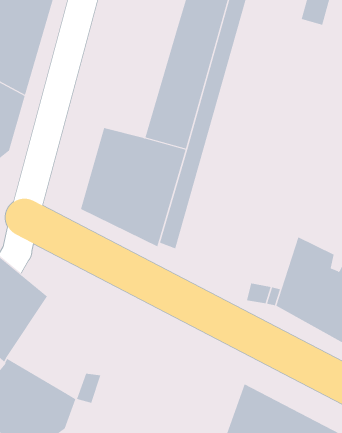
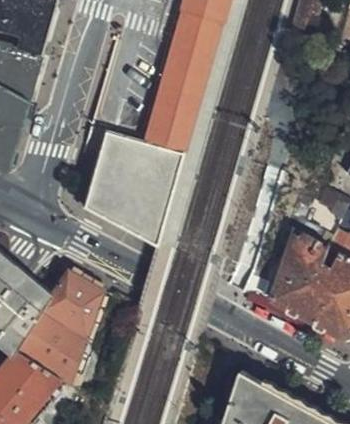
building: none -> [12,269,103,384]

